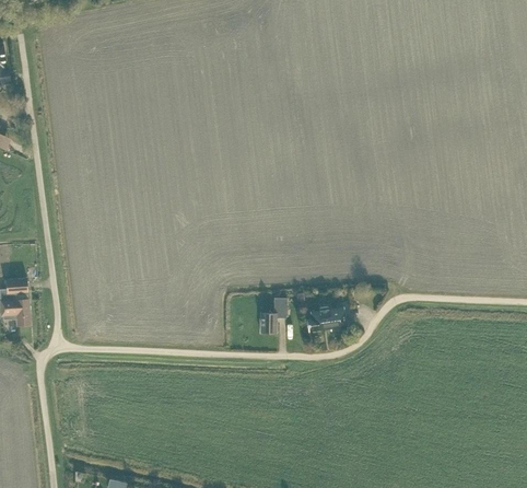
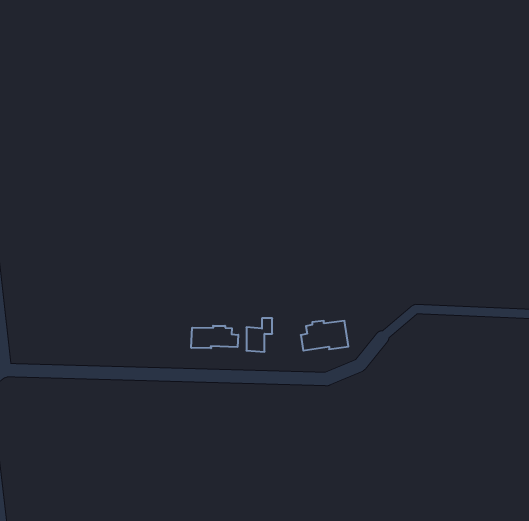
building: none -> [191,326,238,348]

